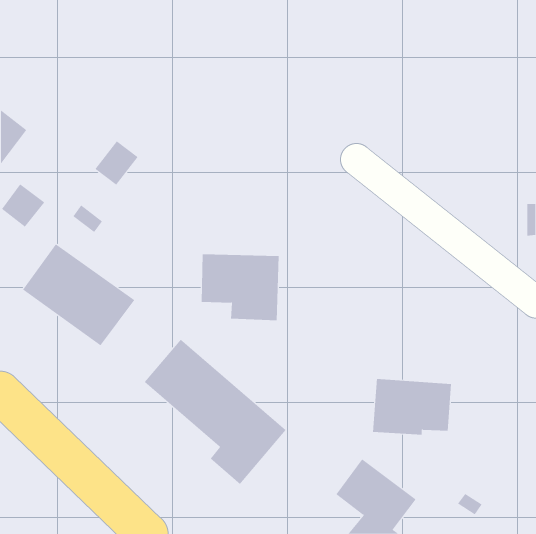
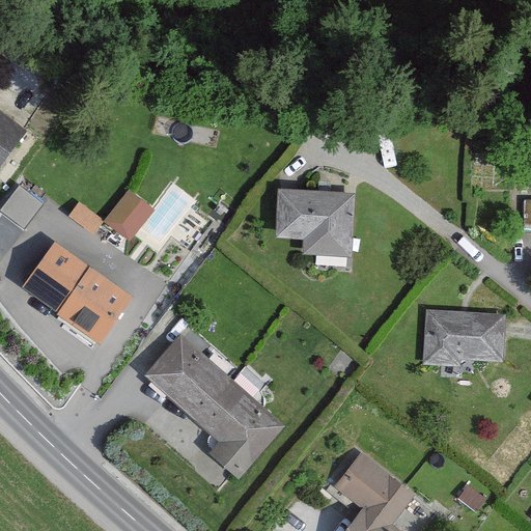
building: [94,140,139,186] -> [108,191,151,235]
building: [201,254,280,321] -> [277,190,355,256]
building: [372,379,452,435] -> [426,310,505,366]

